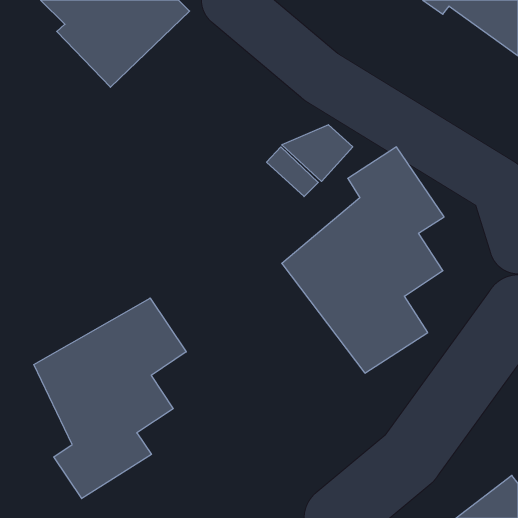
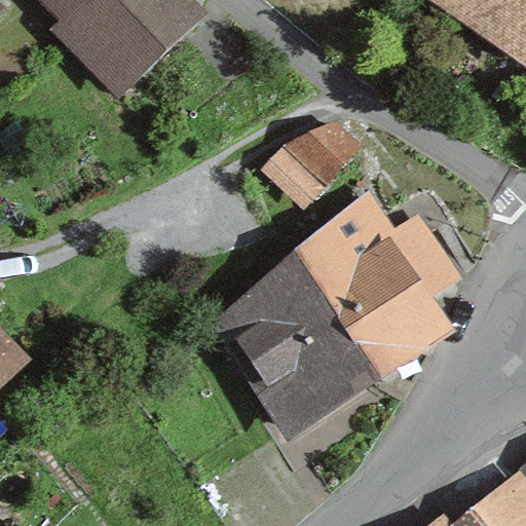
building: none -> [221,267,370,429]
building: [34,298,186,499] -> none

